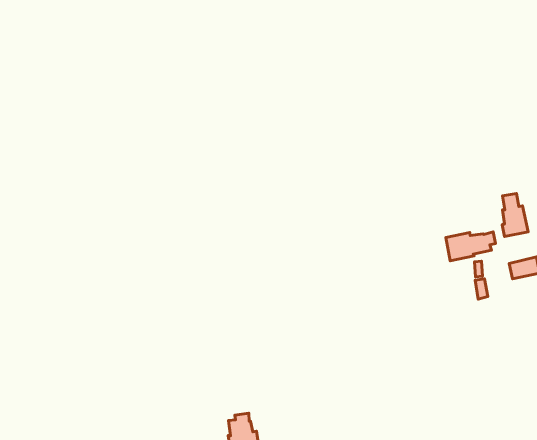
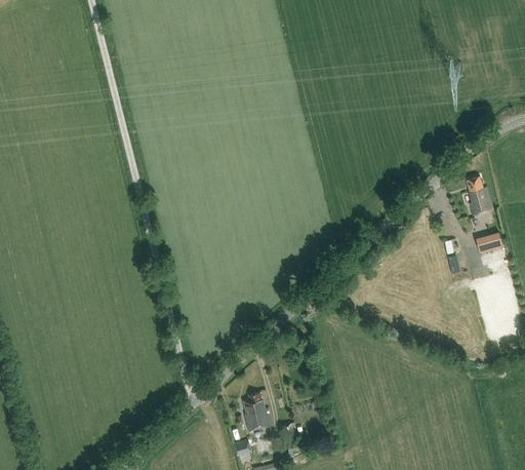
building: [446,232,495,261] -> none

